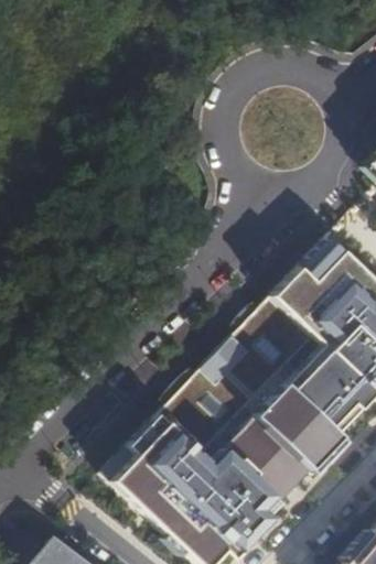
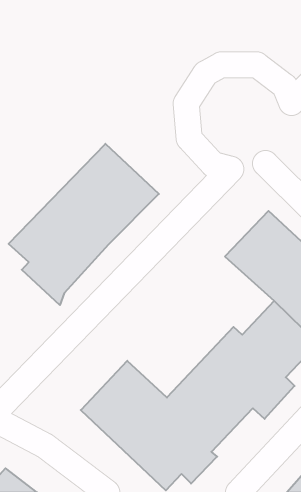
building: none -> [9,144,159,305]
building: [161,293,329,454] -> none

